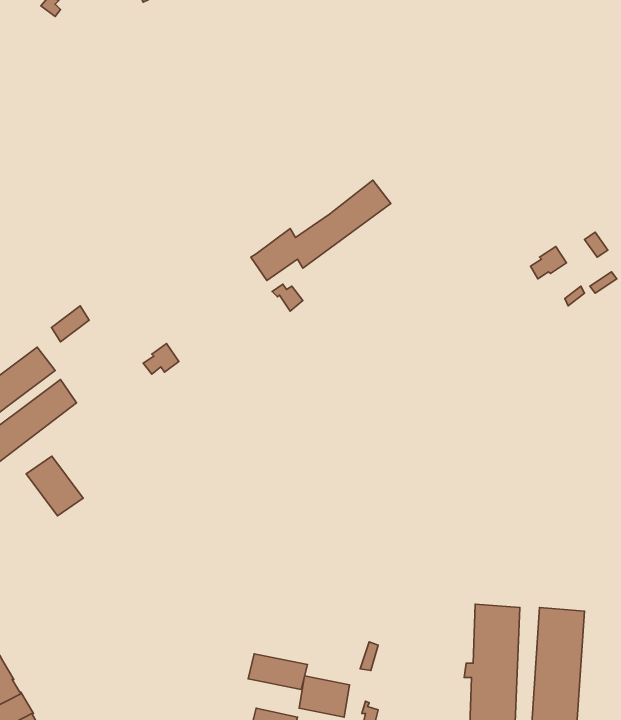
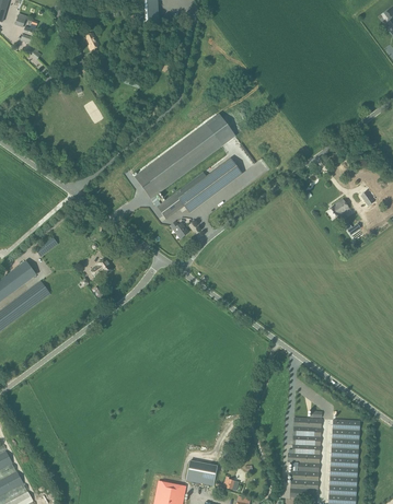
building: none -> [136,114,234,206]
building: [26,456,83,516] -> none
building: [248,654,307,689] -> none

